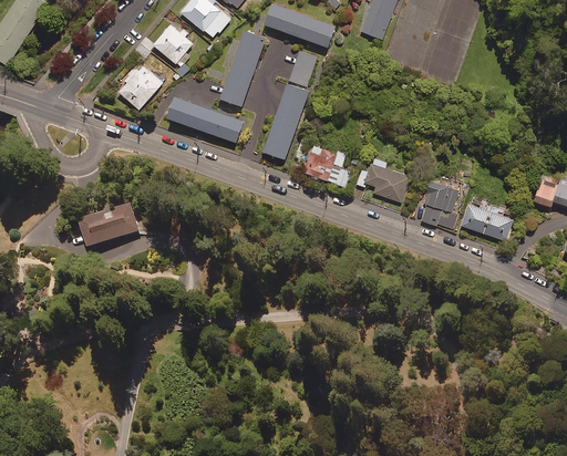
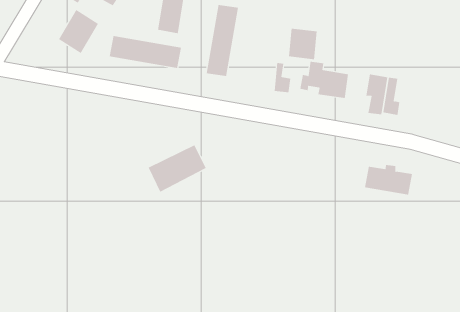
building: [302,145,337,182] -> [288,28,317,60]
building: [461,204,513,240] -> [364,164,413,195]
building: [79,205,138,248] -> [148,144,206,192]

